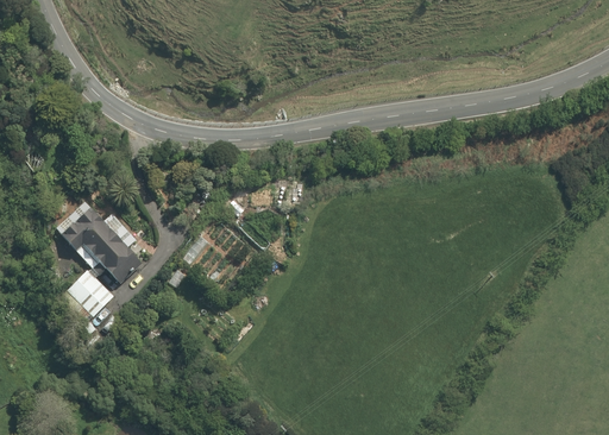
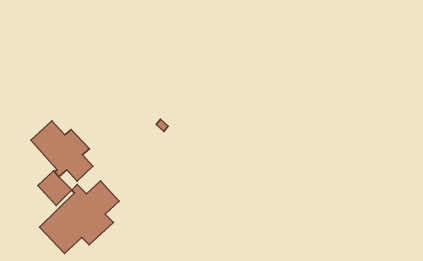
building: none -> [40,181,119,254]

